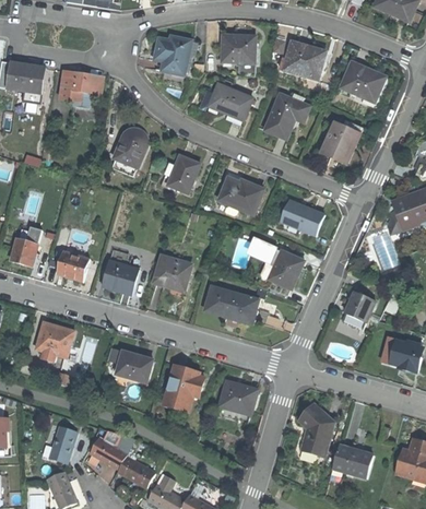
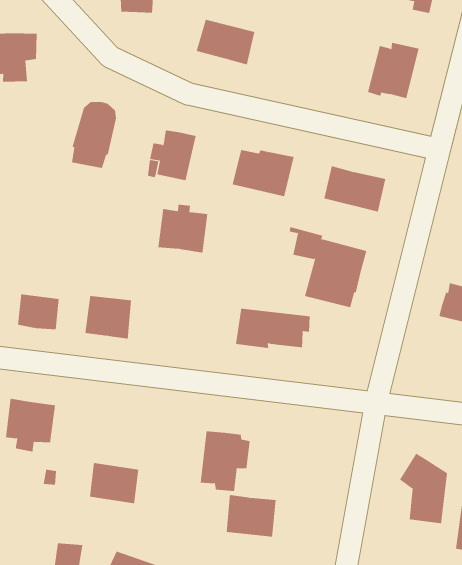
building: [263,93,308,138] -> none
building: [152,253,190,289] -> [158,204,208,253]
building: [115,350,152,382] -> [89,463,139,504]
building: [217,379,256,413] -> [226,495,277,537]

